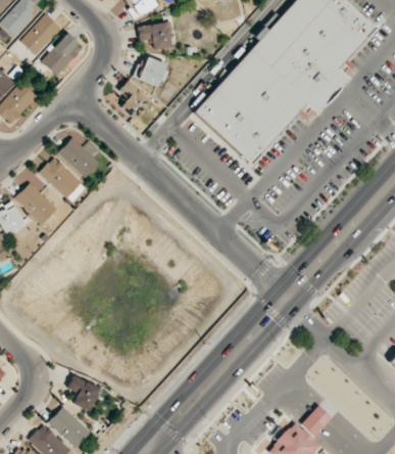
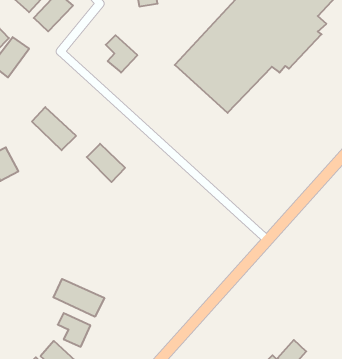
building: [139,57,170,86] -> none
building: [59,137,100,178] -> [87,144,125,182]
building: [15,182,57,224] -> none
building: none -> [53,279,104,317]

